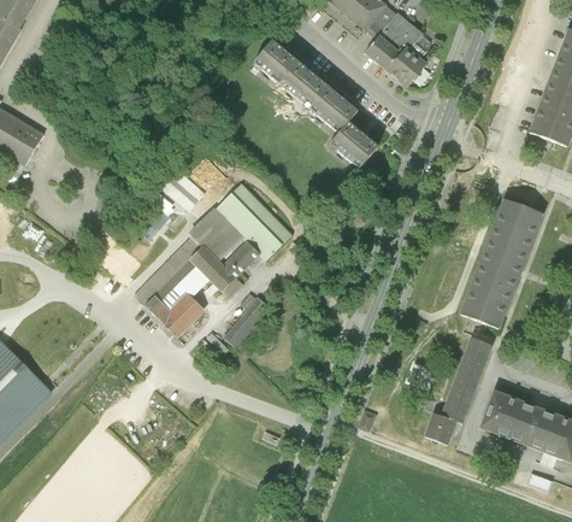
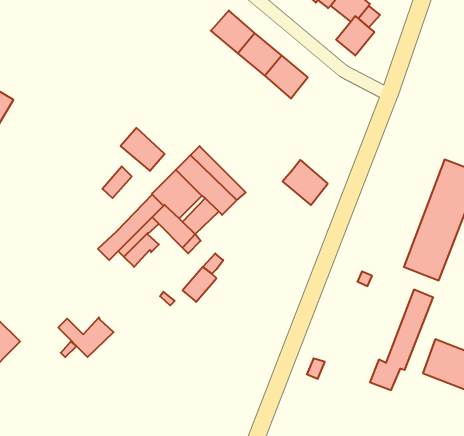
building: [366,34,403,70] -> none
building: [330,121,378,169] -> [283,160,328,205]
building: [146,294,205,336] -> [58,317,114,357]

